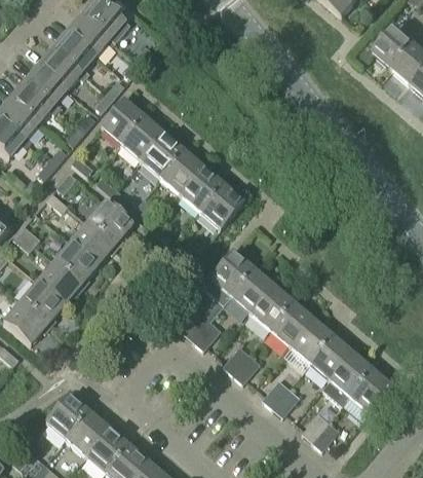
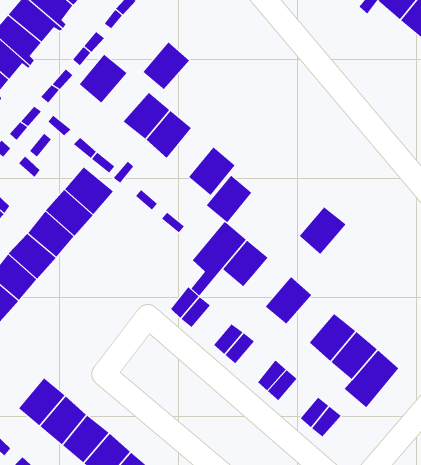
building: [121,117,164,161] -> [142,41,190,90]
building: [181,168,223,212] -> [206,175,252,223]
building: [251,286,294,330] -> [299,206,346,255]
building: [290,320,333,363] -> none

